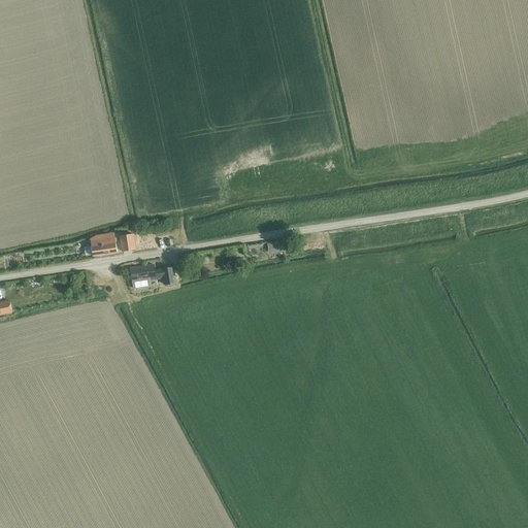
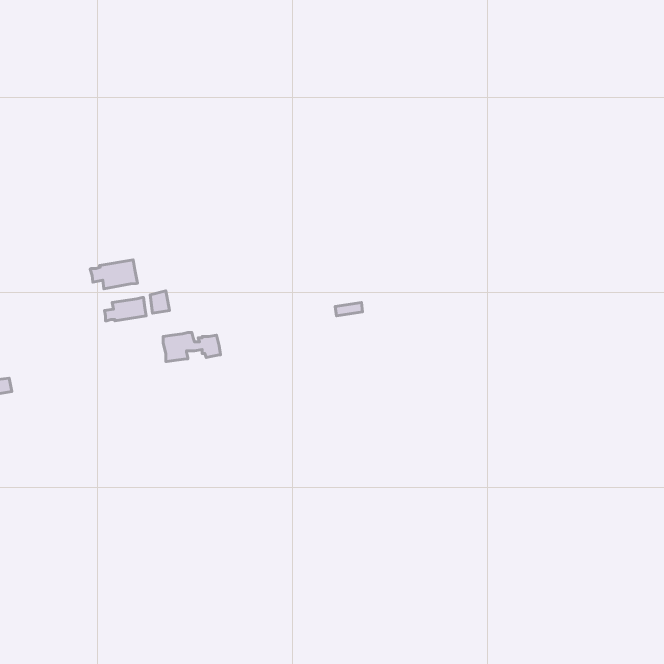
building: none -> [90,260,138,289]

